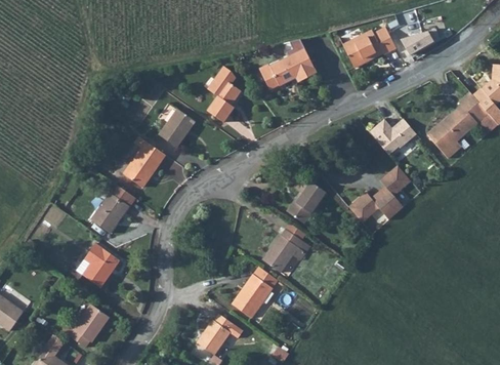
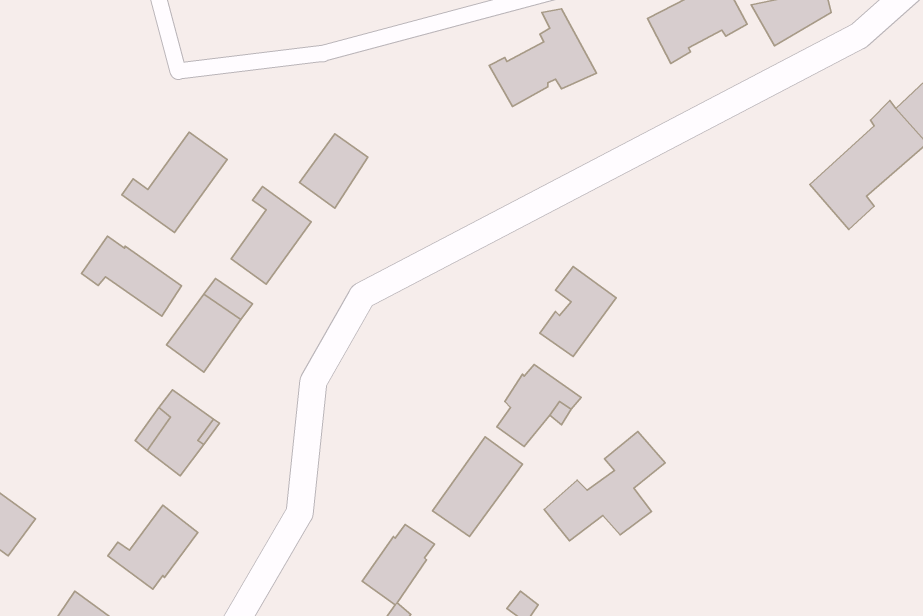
building: [209,65,244,121] -> none
building: none -> [122,132,227,233]
building: [372,120,418,157] -> none
building: none -> [81,236,182,316]
building: [349,168,413,226] -> [544,431,665,541]

